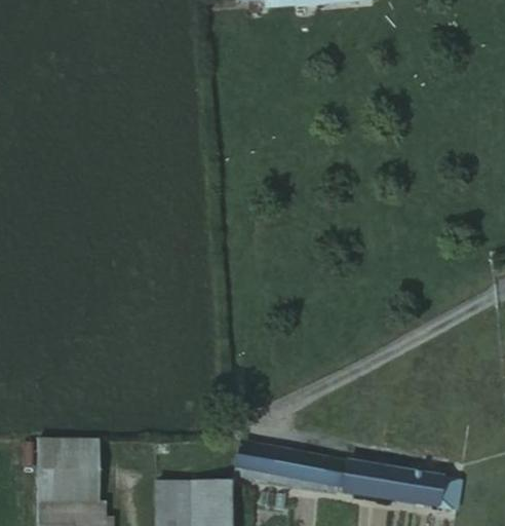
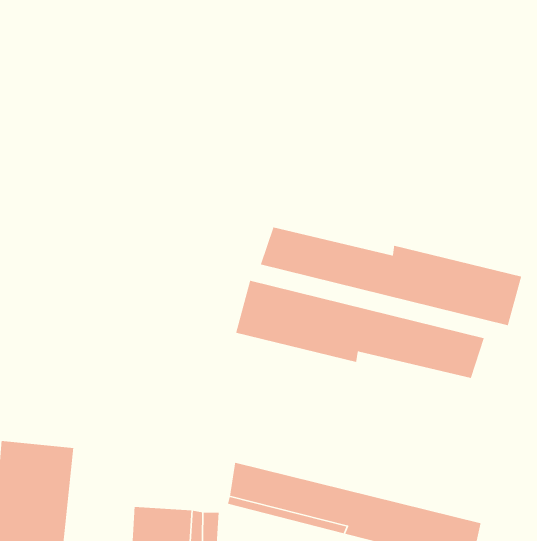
building: none -> [260,227,522,326]
building: none -> [235,280,485,379]

